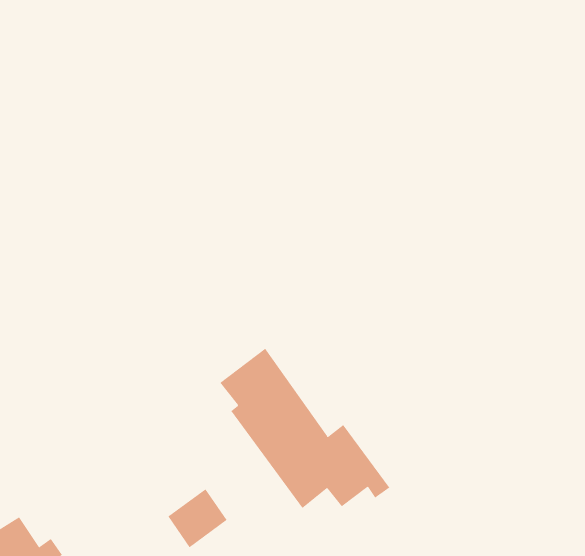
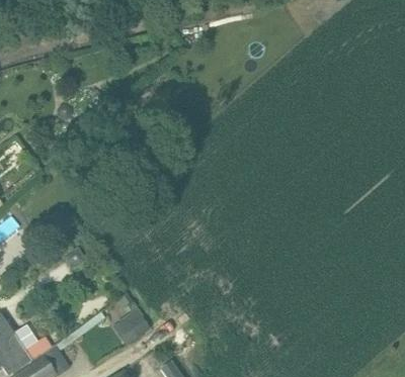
building: [219,348,390,509] -> none

